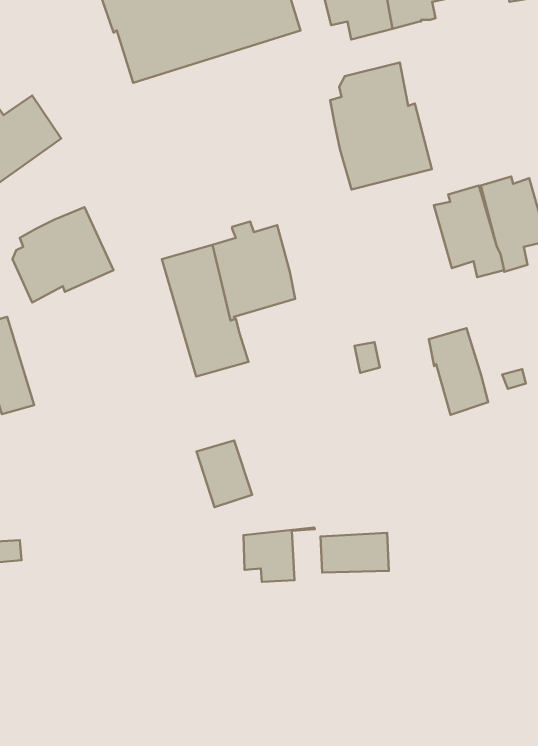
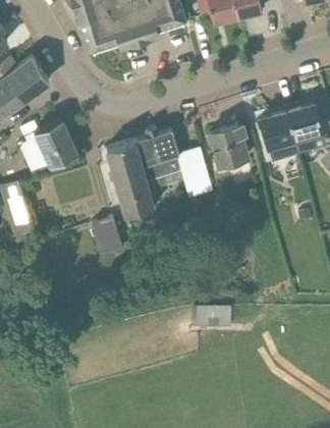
building: [330,62,432,189] -> none
building: none -> [209,125,248,167]
building: [429,328,488,415] -> [178,151,212,200]
building: [196,441,252,507] -> [92,219,123,257]
building: [243,528,315,582] -> none

